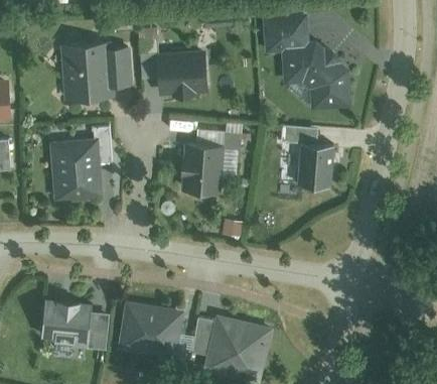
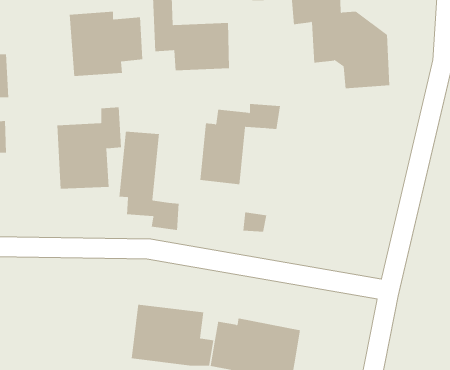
building: [280,127,332,191] -> none
building: none -> [119,131,179,231]
building: [40,299,109,353] -> none

